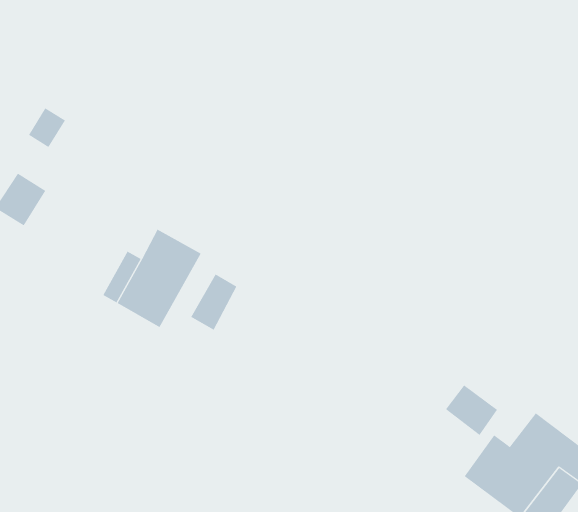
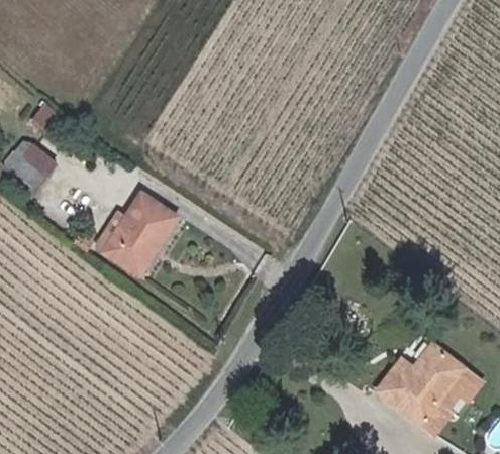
building: [191,274,237,330] -> none
building: [445,384,498,436] -> none

